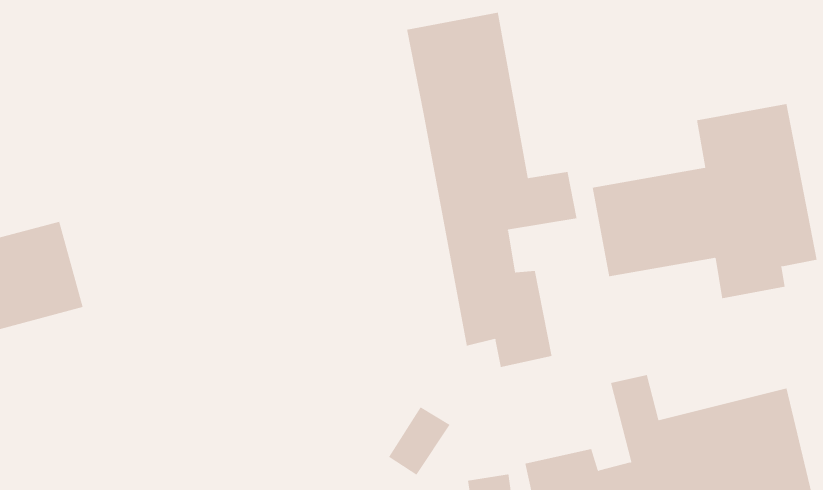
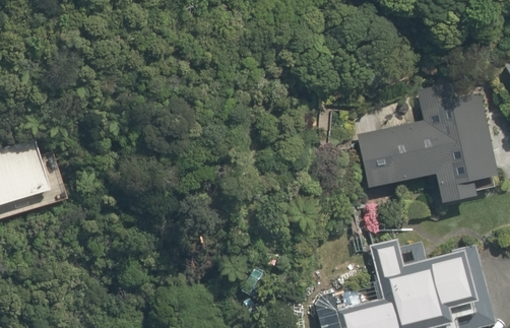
building: [407,12,577,368] -> none

